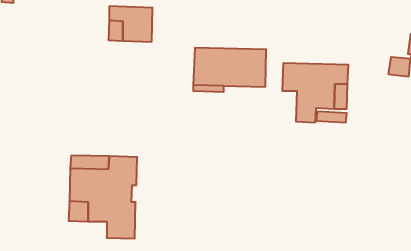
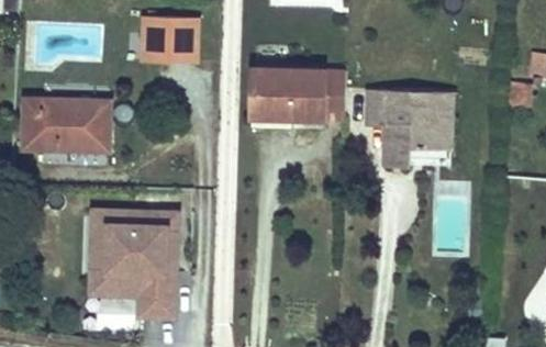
building: none -> [24,100,109,149]

